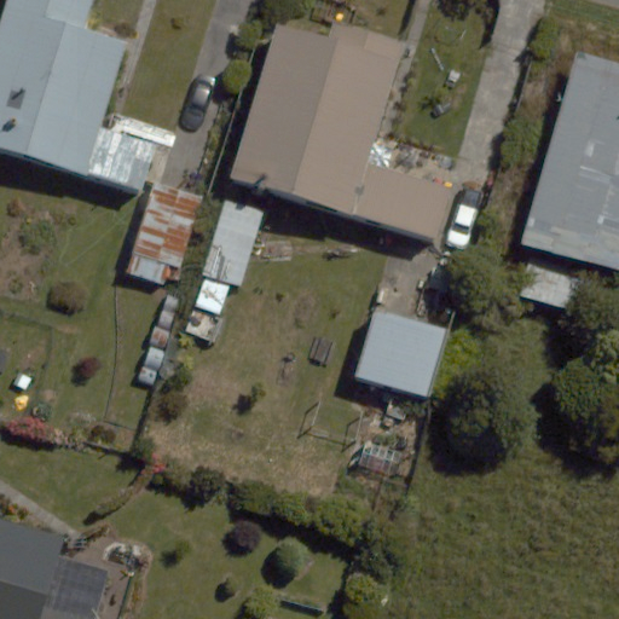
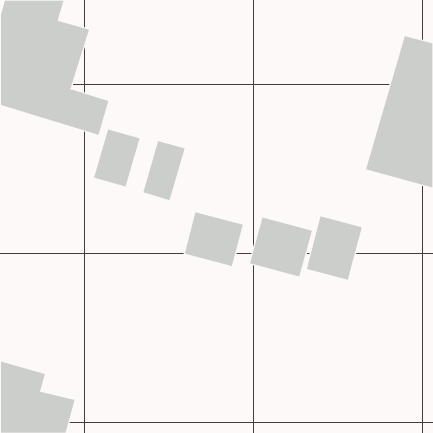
building: [227,23,450,241] -> none
building: none -> [184,211,243,267]
building: none -> [306,216,362,281]

